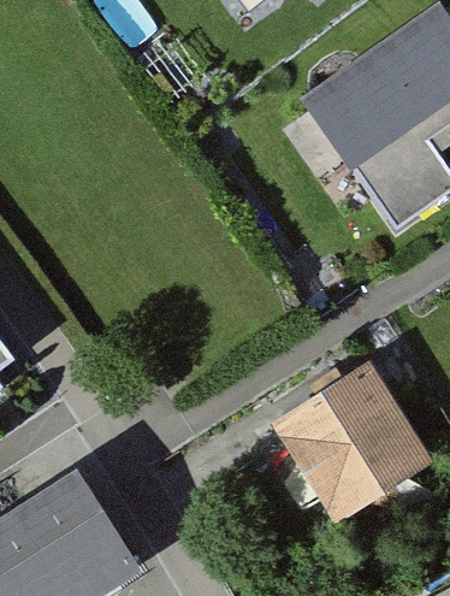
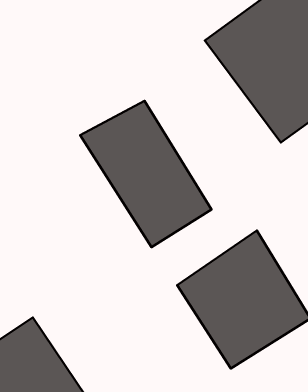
building: none -> [80,101,212,247]

